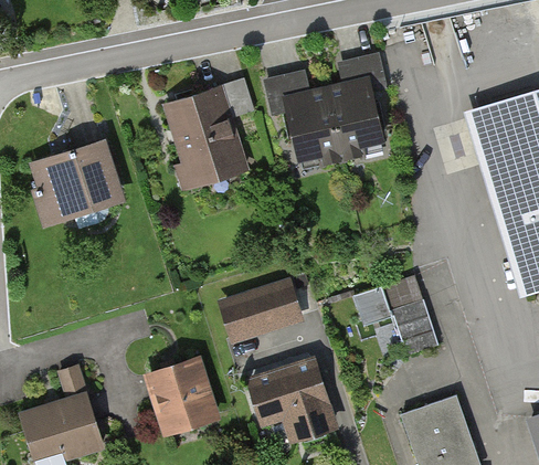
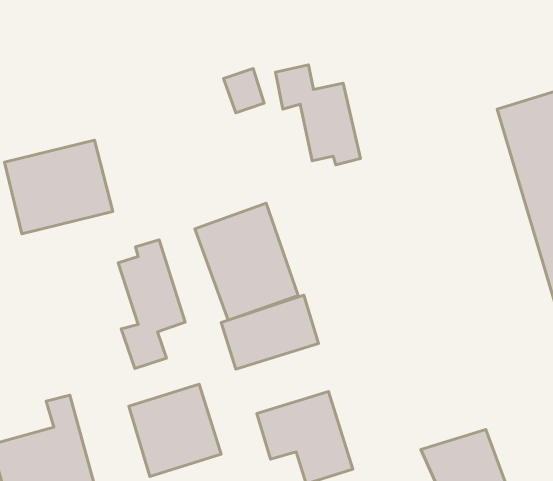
building: [329,52,388,155] -> none
building: [155,86,247,191] -> [195,203,298,320]
building: none -> [118,240,185,369]
building: [358,281,435,357] -> none

